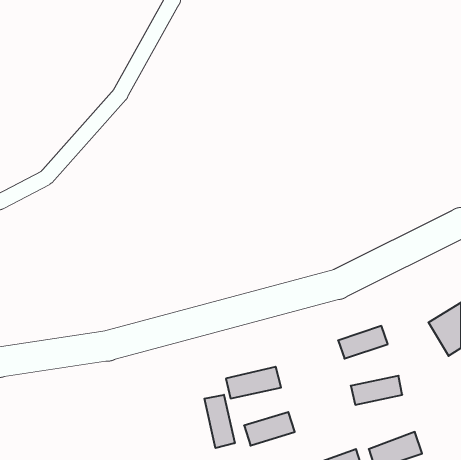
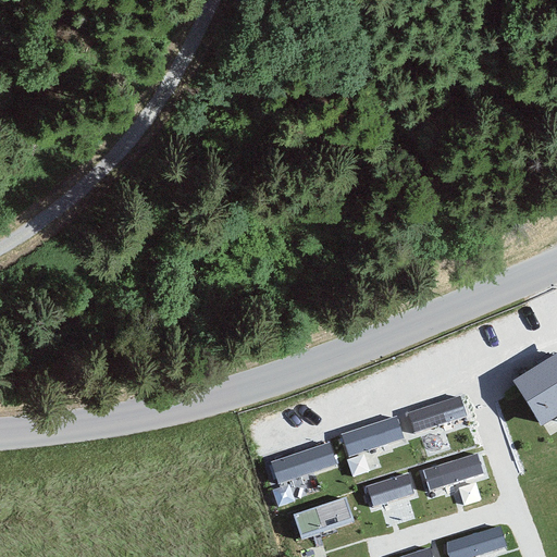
building: none -> [341,417,405,459]
building: none -> [366,470,416,508]
building: [204,395,235,448] -> none

